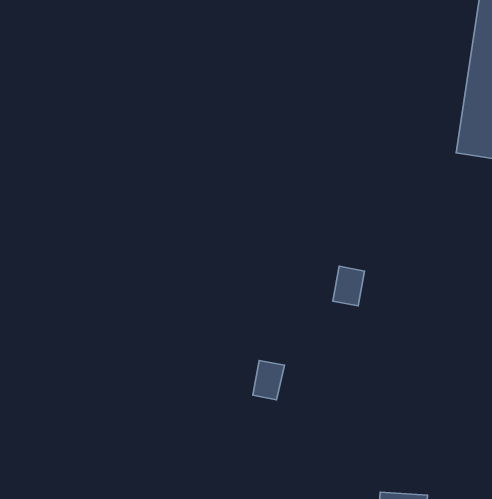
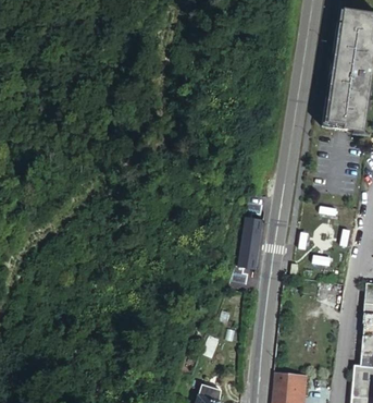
building: [253,360,285,400] -> [236,241,258,268]

